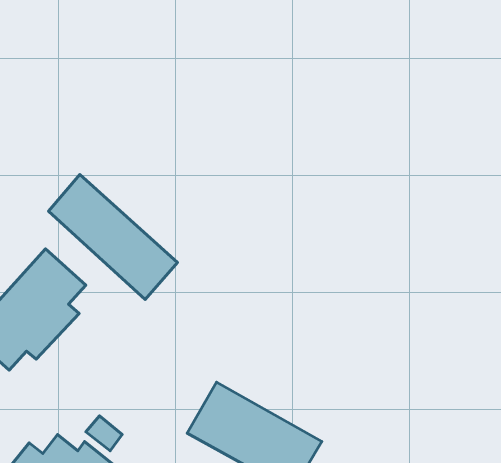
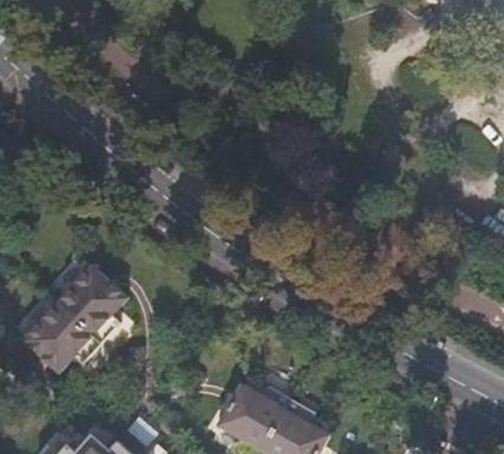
building: [49,174,178,300] -> none

